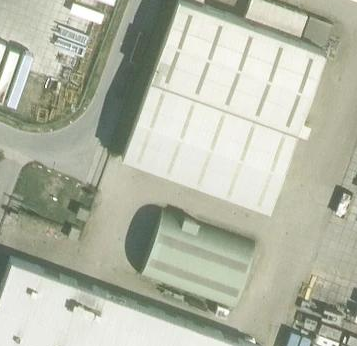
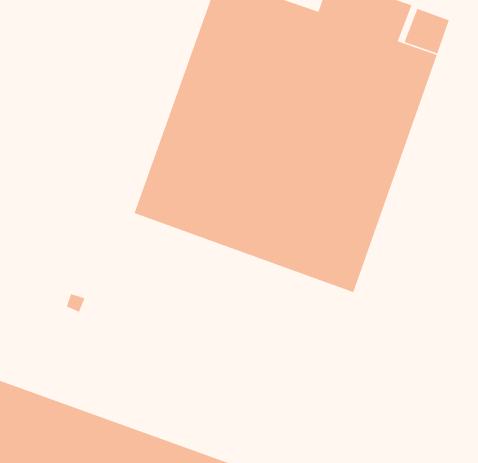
building: [140,216,256,313] -> none

